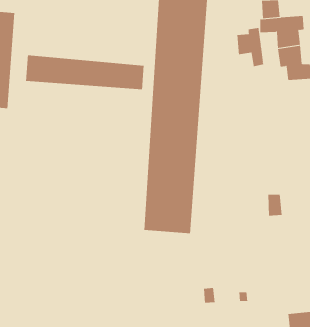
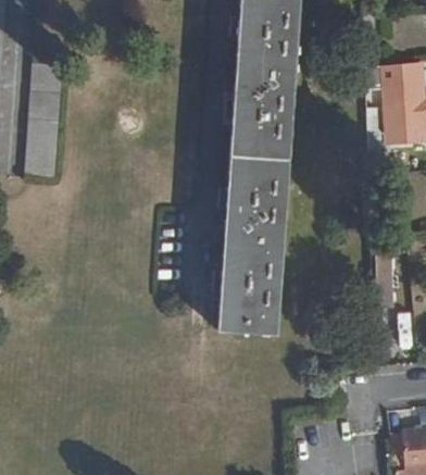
building: [237,27,264,67] -> none
building: [25,55,144,90] -> none

